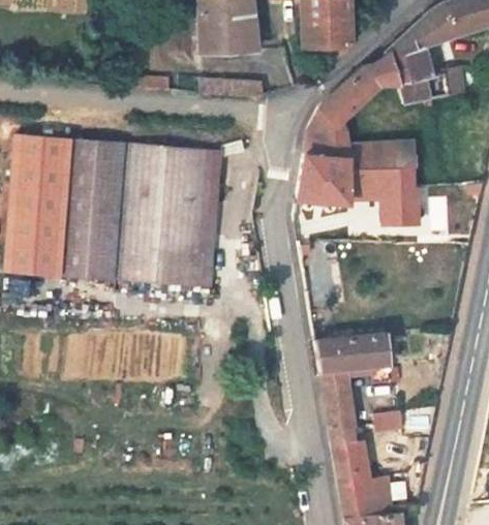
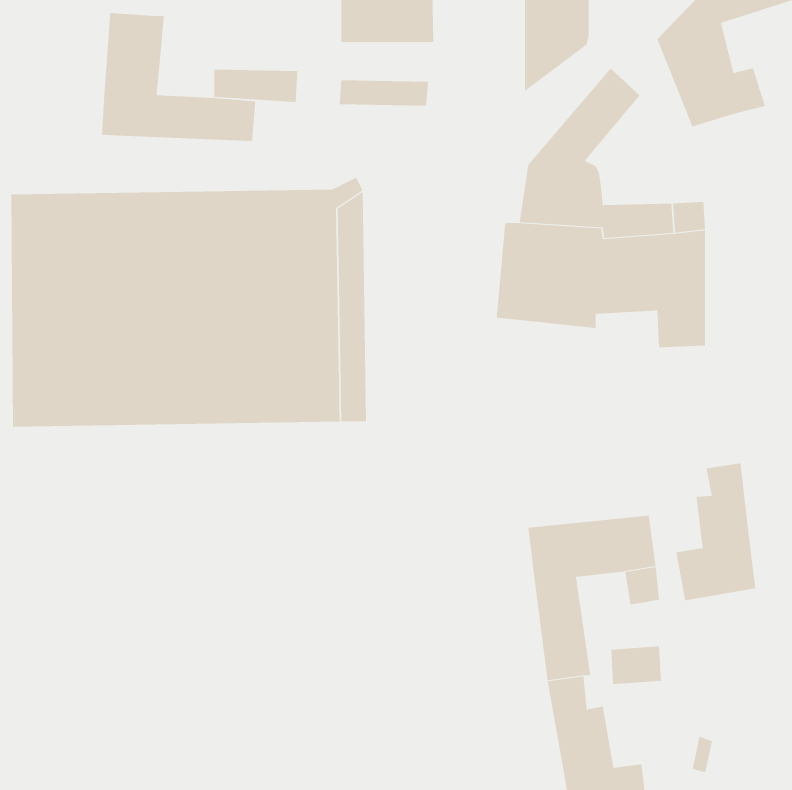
building: none -> [102,12,256,142]
building: none -> [676,463,756,601]

